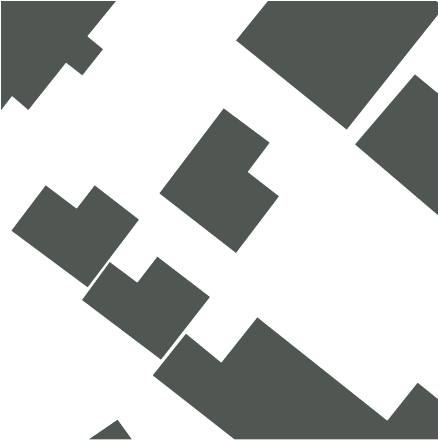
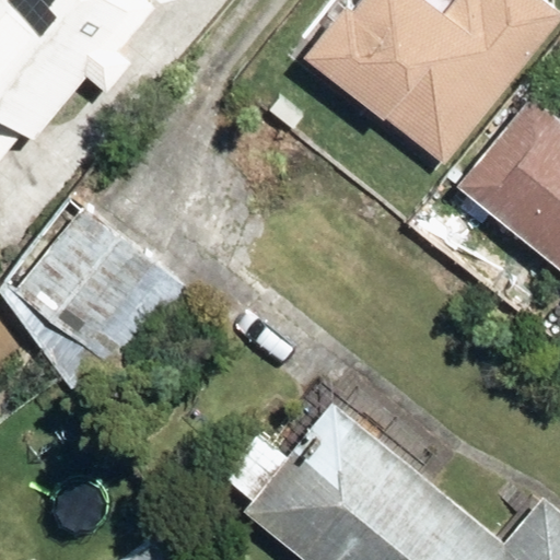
building: [158,107,280,254] -> none
building: [81,256,211,361] -> none

